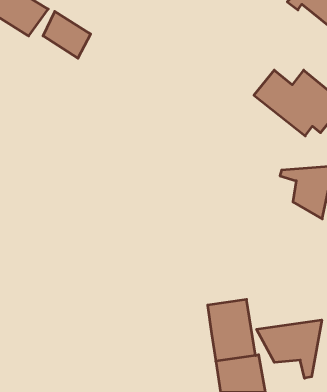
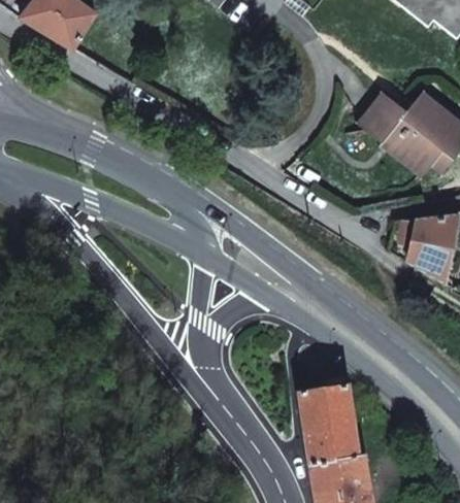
building: [43,11,91,58] -> none
building: [257,320,322,378] -> none

